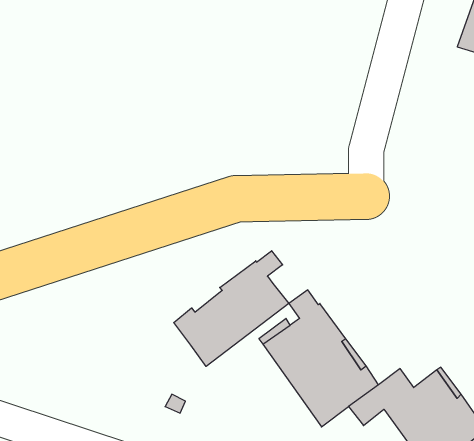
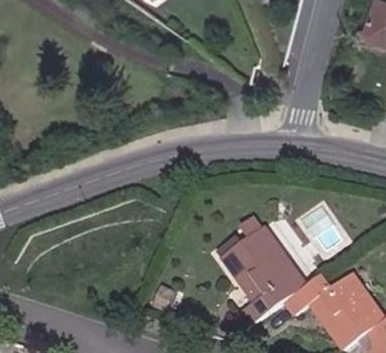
building: [174,251,289,366] -> none

